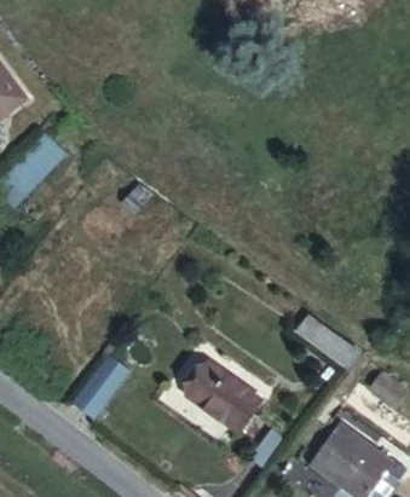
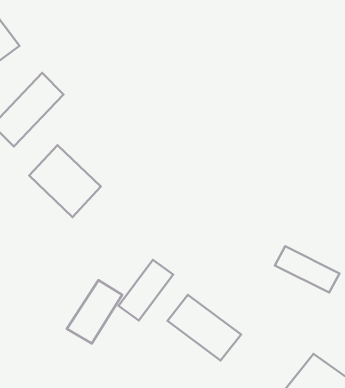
building: none -> [29,145,101,217]
building: none -> [119,260,173,320]

